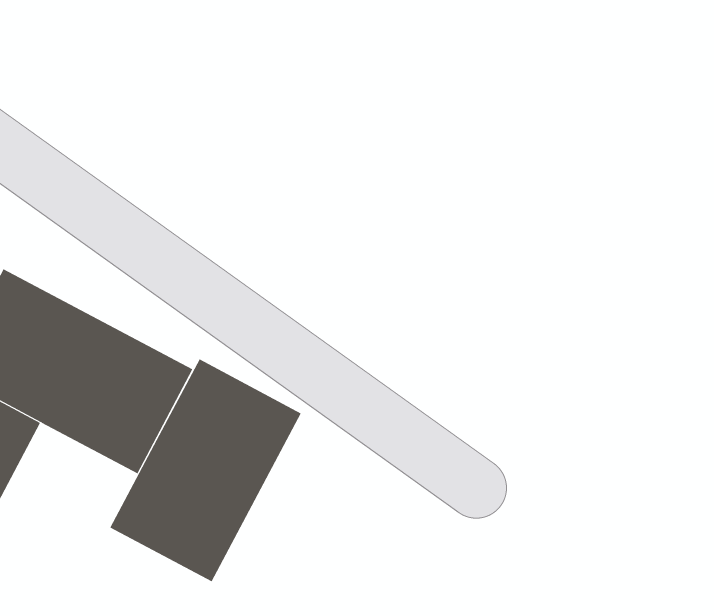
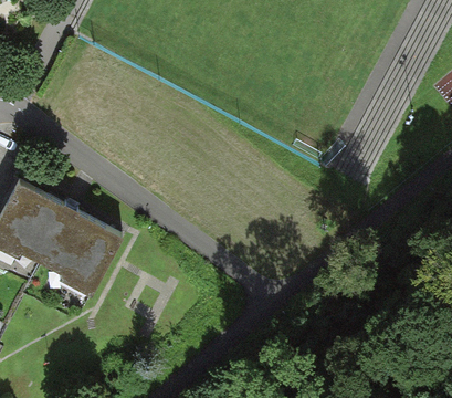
building: [110,359,302,582] -> none

